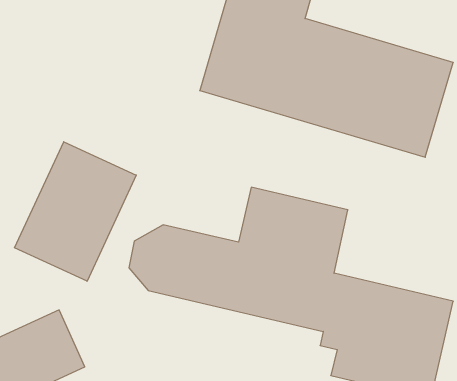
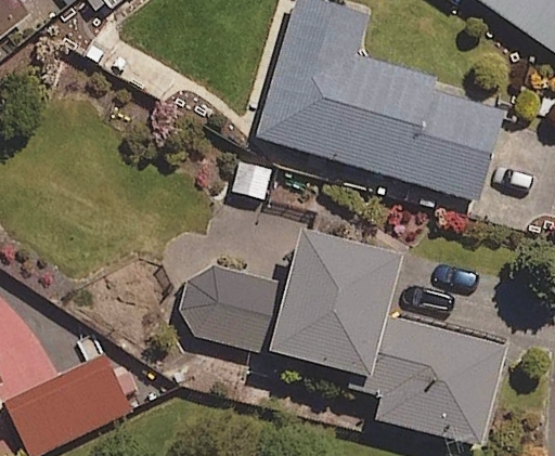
building: [15,142,136,281] -> none

